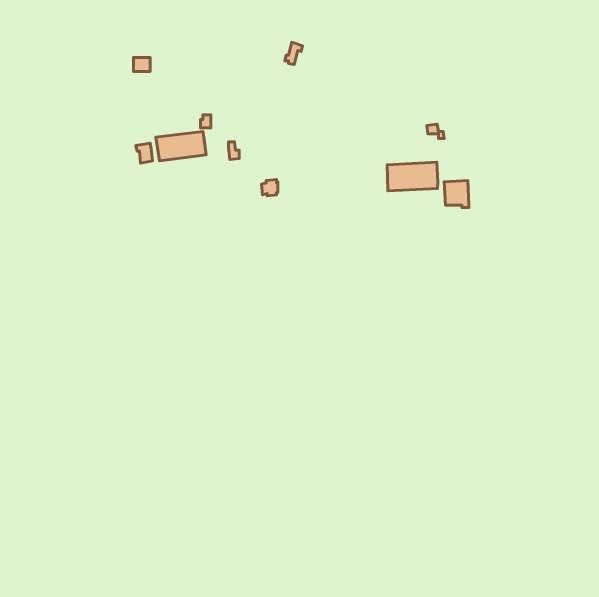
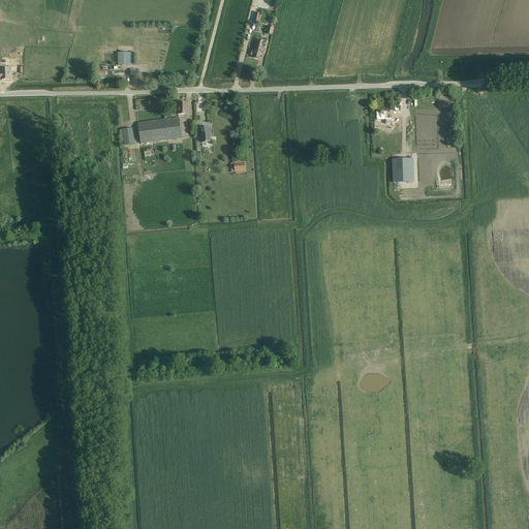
building: [387,162,438,191] -> none

